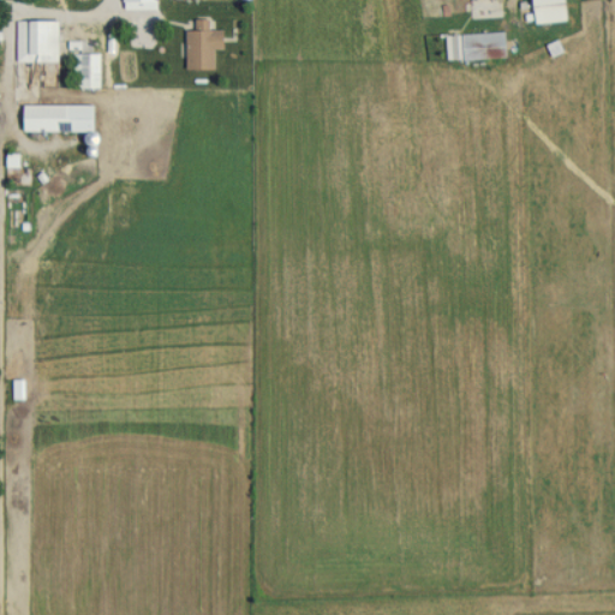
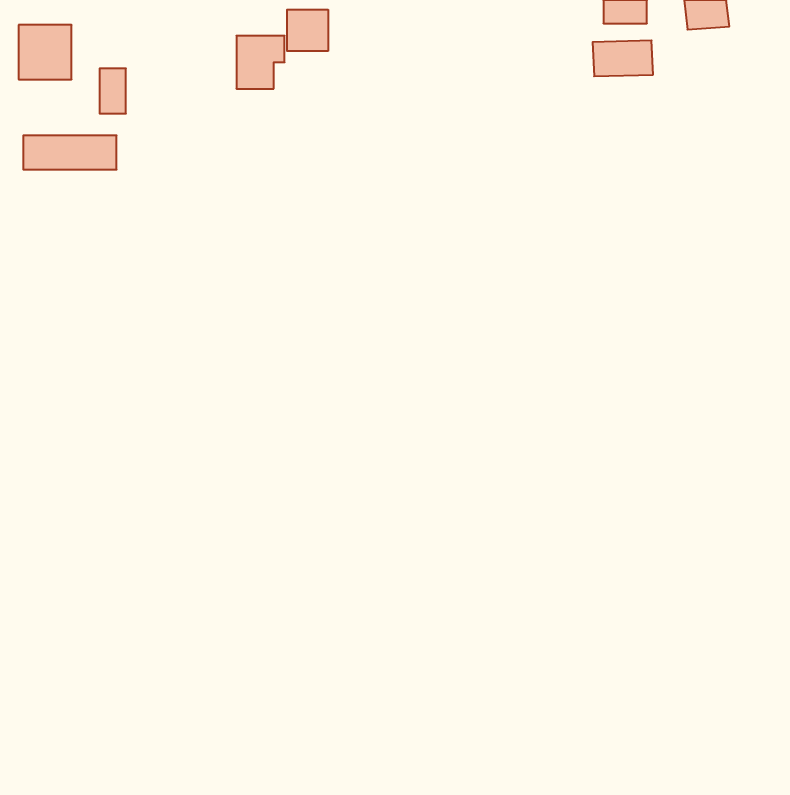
building: none -> [287,10,328,51]

